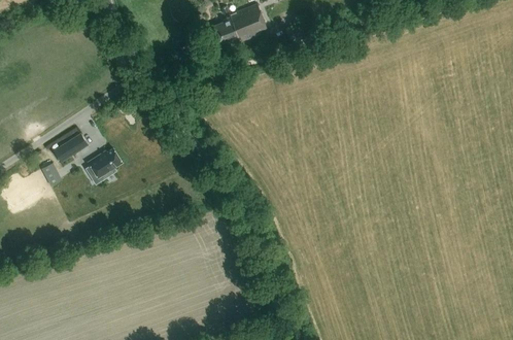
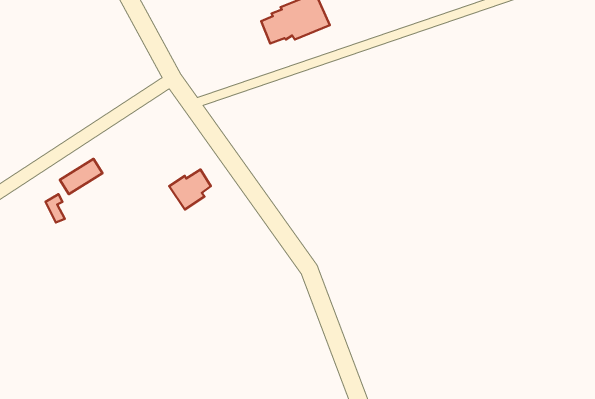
building: [88,149,121,181] -> [169,169,211,210]

